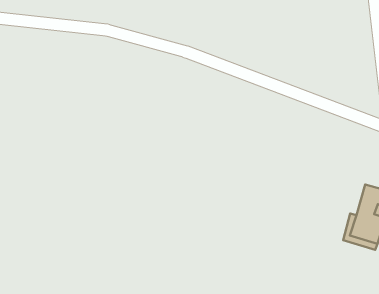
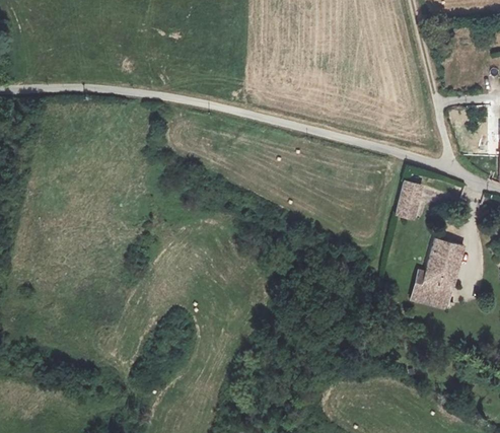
building: none -> [395,186,417,219]

